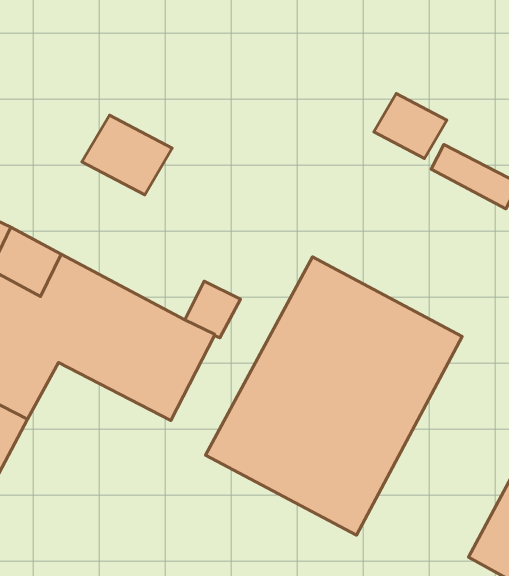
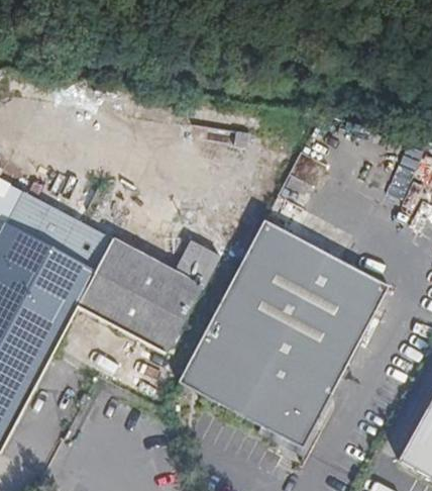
building: [374,94,447,158] -> none
building: [82,115,172,195] -> none

